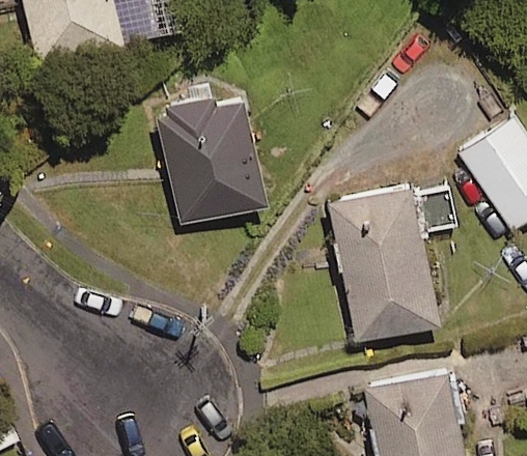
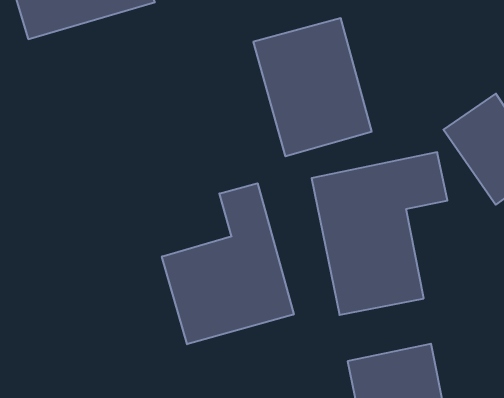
building: [154,87,273,226] -> [253,18,372,156]
building: none -> [162,183,294,344]

